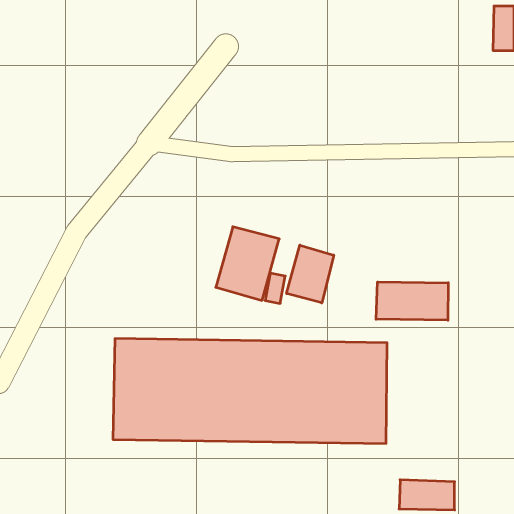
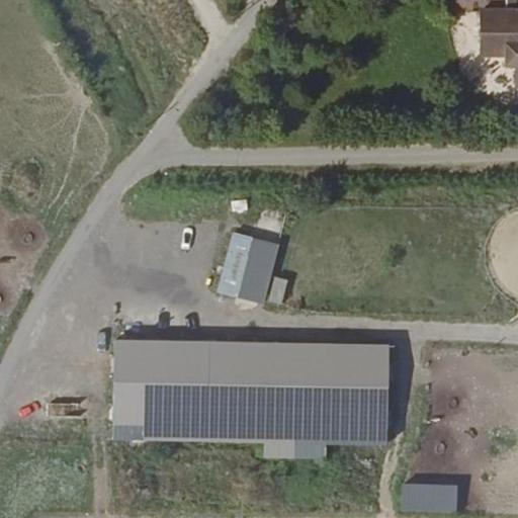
building: [287,245,334,303] -> none
building: [376,282,448,320] -> none

